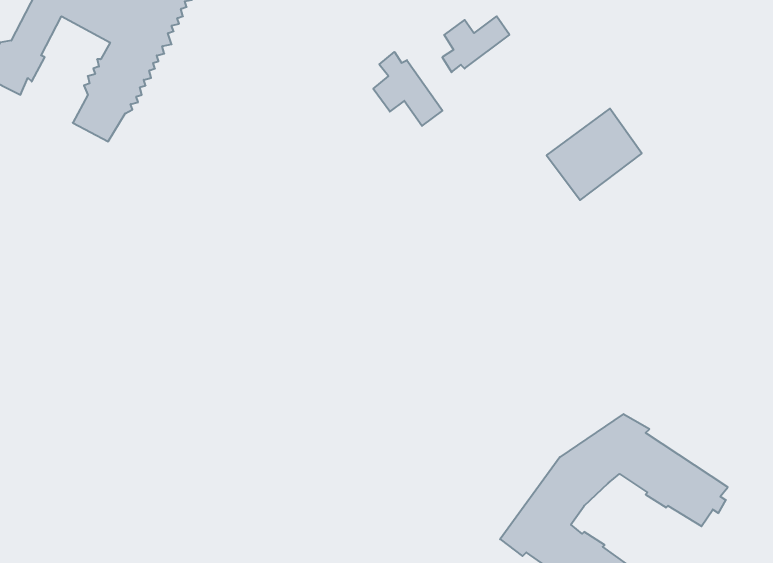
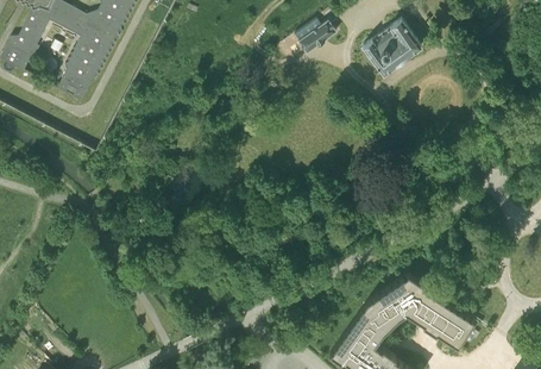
building: [373,52,442,126] -> none
building: [547,109,642,200] -> [360,17,421,75]

